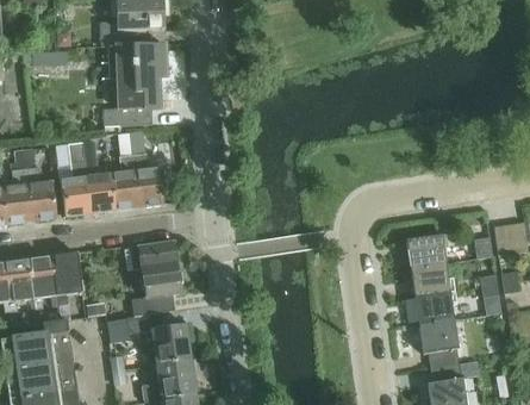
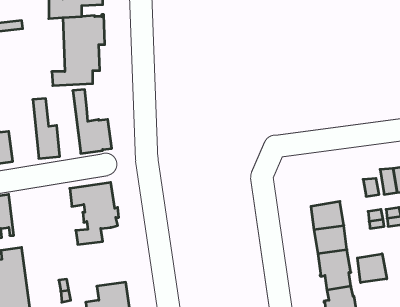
building: [108,131,137,210] -> none
building: [57,142,87,216] -> none
building: [405,233,445,269] -> none
building: [51,251,80,304] -> none
building: [126,312,194,364] -> none
building: none -> [357,254,387,283]

